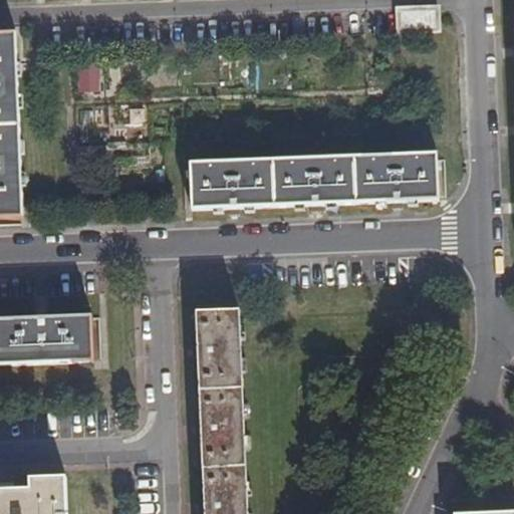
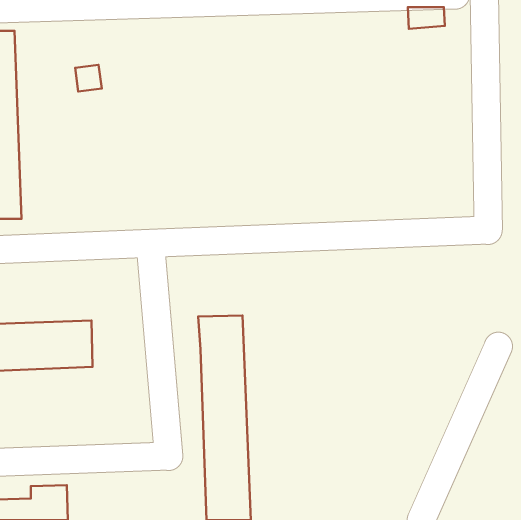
building: [189,152,436,207] -> none

